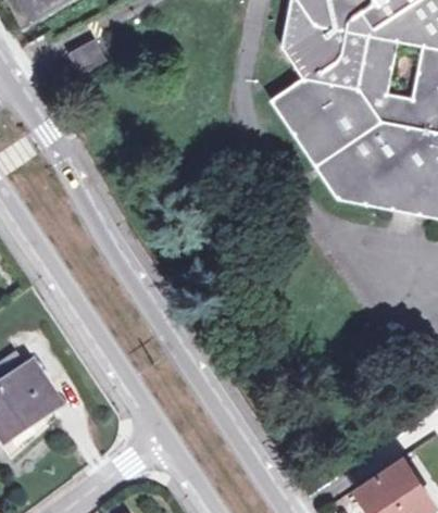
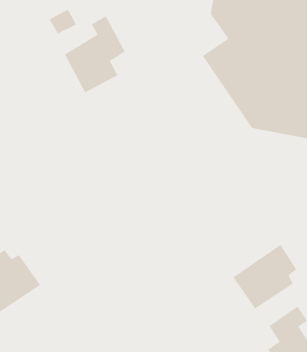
building: none -> [64,15,126,94]
building: none -> [233,244,297,309]

